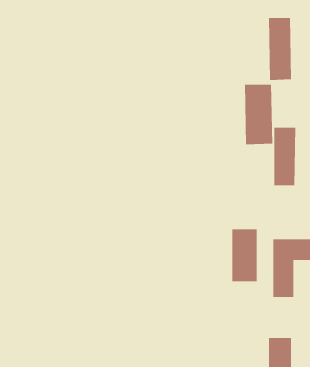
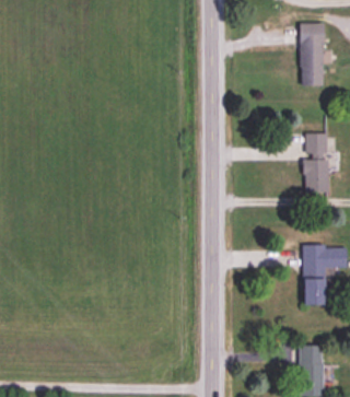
building: [244,84,273,145] -> none
building: [232,228,257,282] -> none

